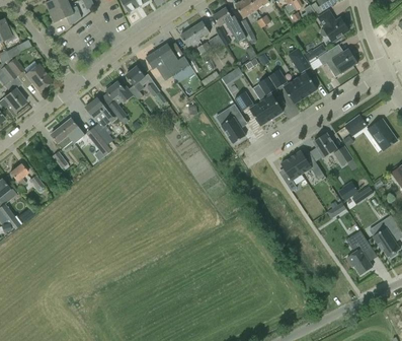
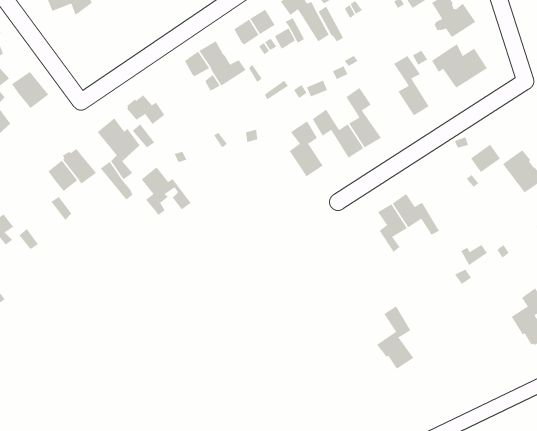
building: [126,65,161,99] -> [141,166,192,216]
building: [268,69,306,103] -> none
building: [309,133,358,169] -> none
building: [345,227,372,272] -> [376,306,414,369]

